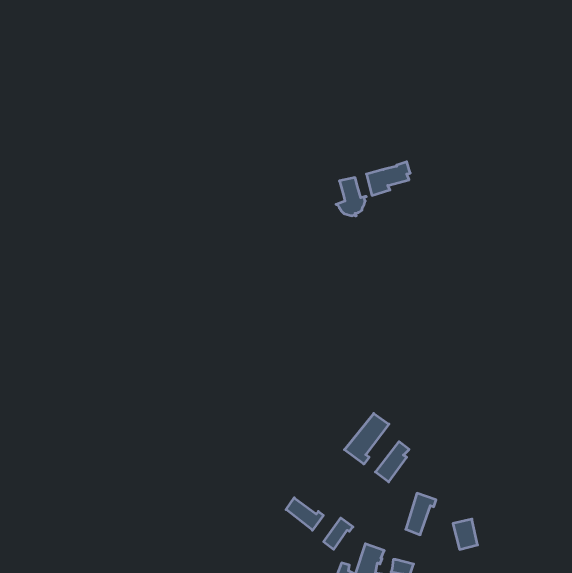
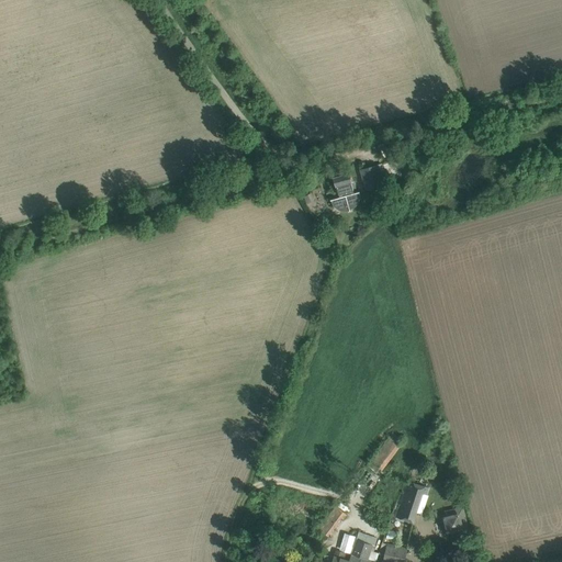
building: [344,413,389,464] -> none
building: [286,498,323,530] -> none

